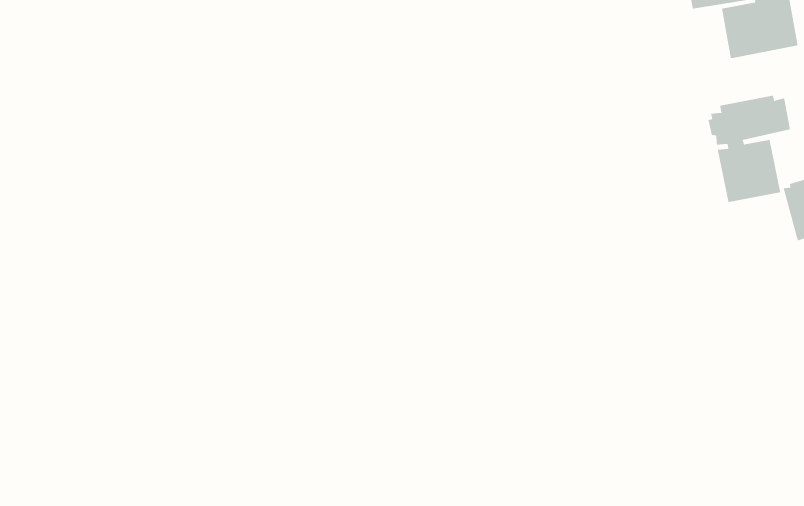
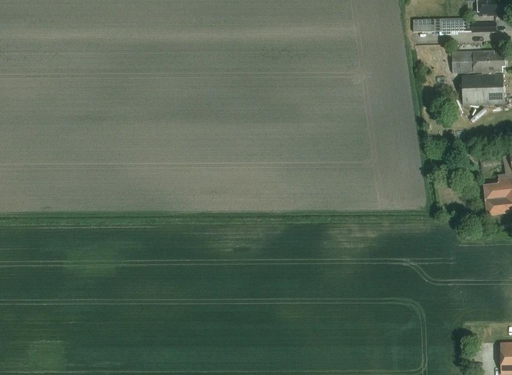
building: [708,95,790,203] -> none

